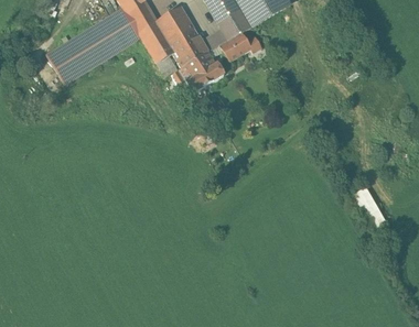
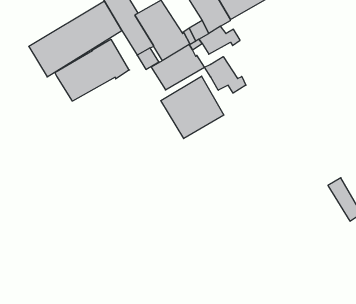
building: none -> [55,39,130,101]
building: none -> [204,57,246,93]
building: none -> [161,76,224,139]

